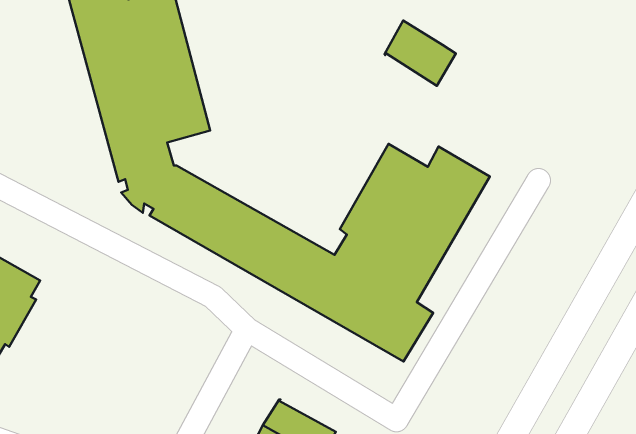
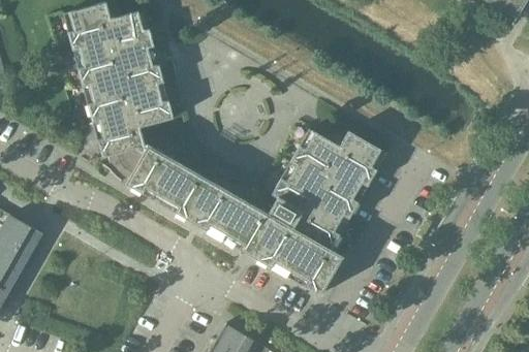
building: [385,21,456,86] -> none

